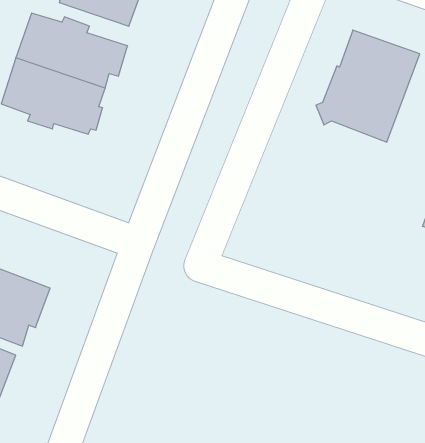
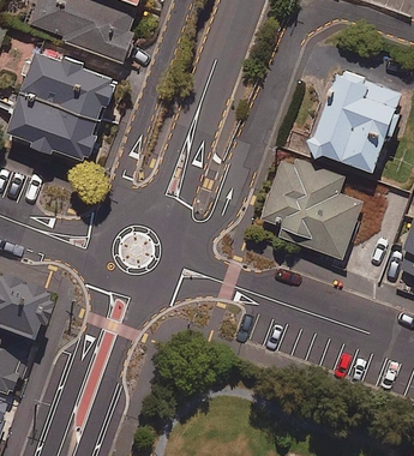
building: none -> [258,156,358,258]

